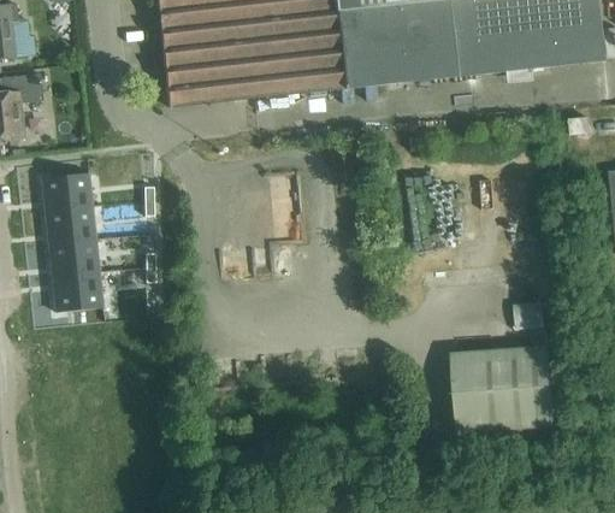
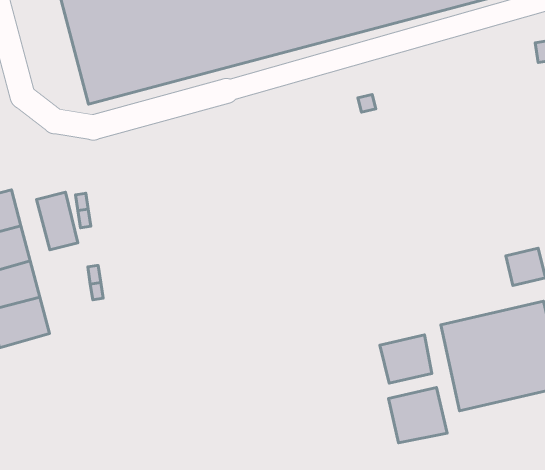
building: none -> [36,192,78,250]
building: none -> [380,335,432,383]
building: none -> [388,387,447,443]

